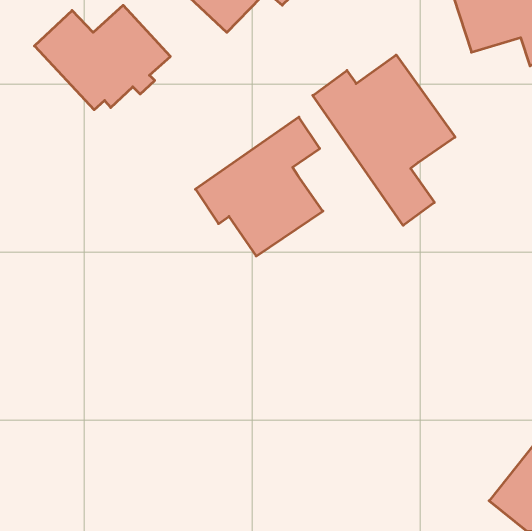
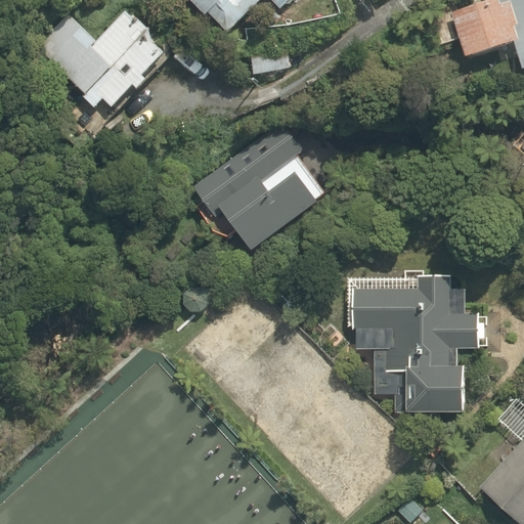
building: [313,55,455,225] -> none
building: none -> [349,275,485,411]

